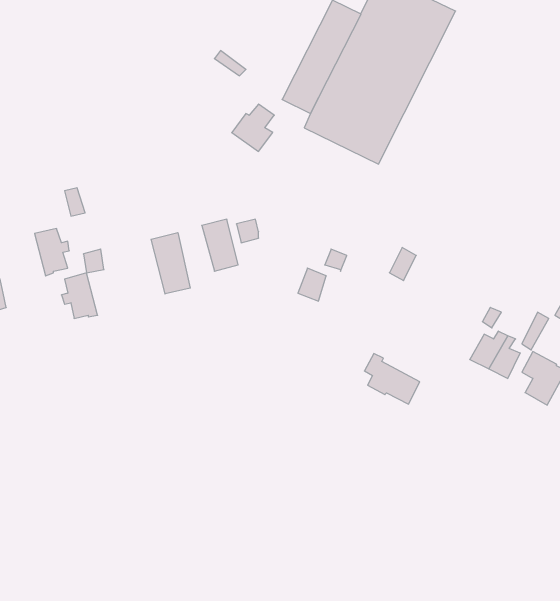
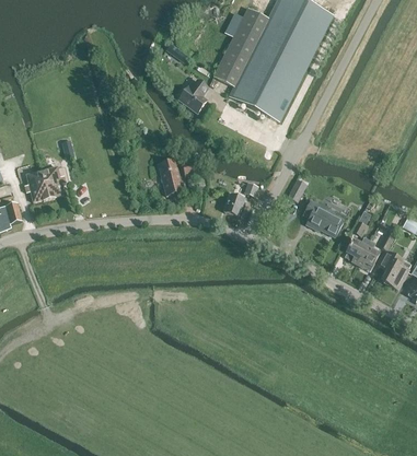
building: [151,233,190,294] -> none
building: [61,273,98,318] -> [24,169,49,201]
building: [364,354,420,404] -> [304,201,343,236]

